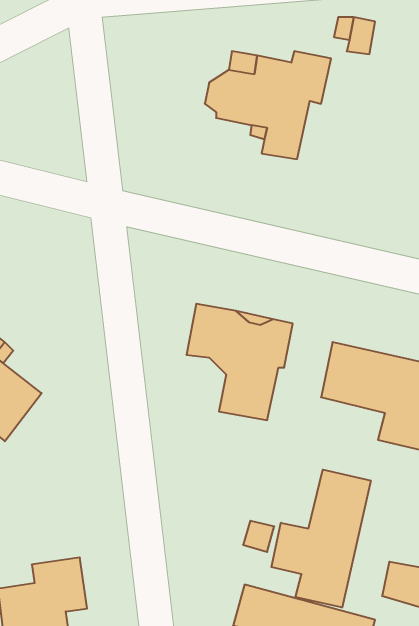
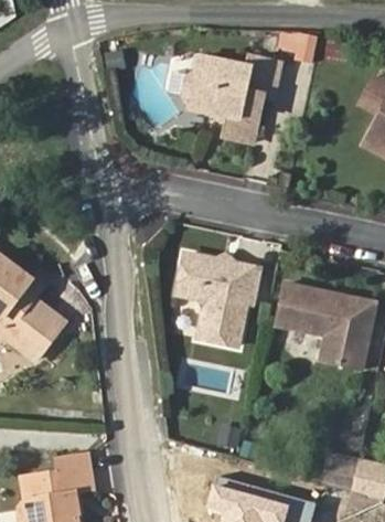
building: [271,470,371,608] -> none

